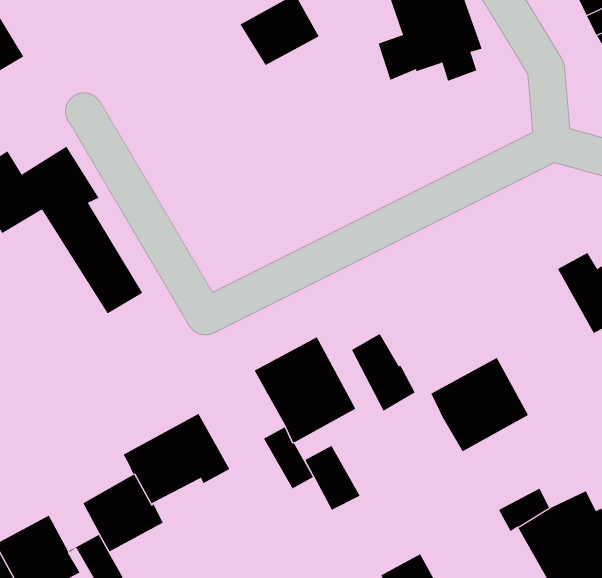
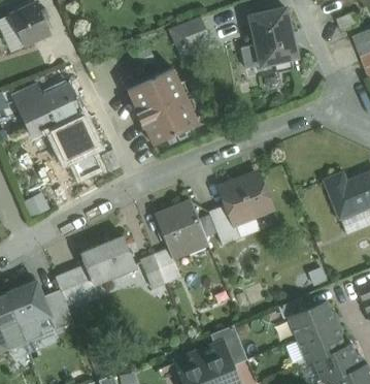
building: none -> [128,69,199,146]
building: [430,357,529,451] -> [221,174,272,223]
building: [305,445,361,511] -> [141,254,169,289]

